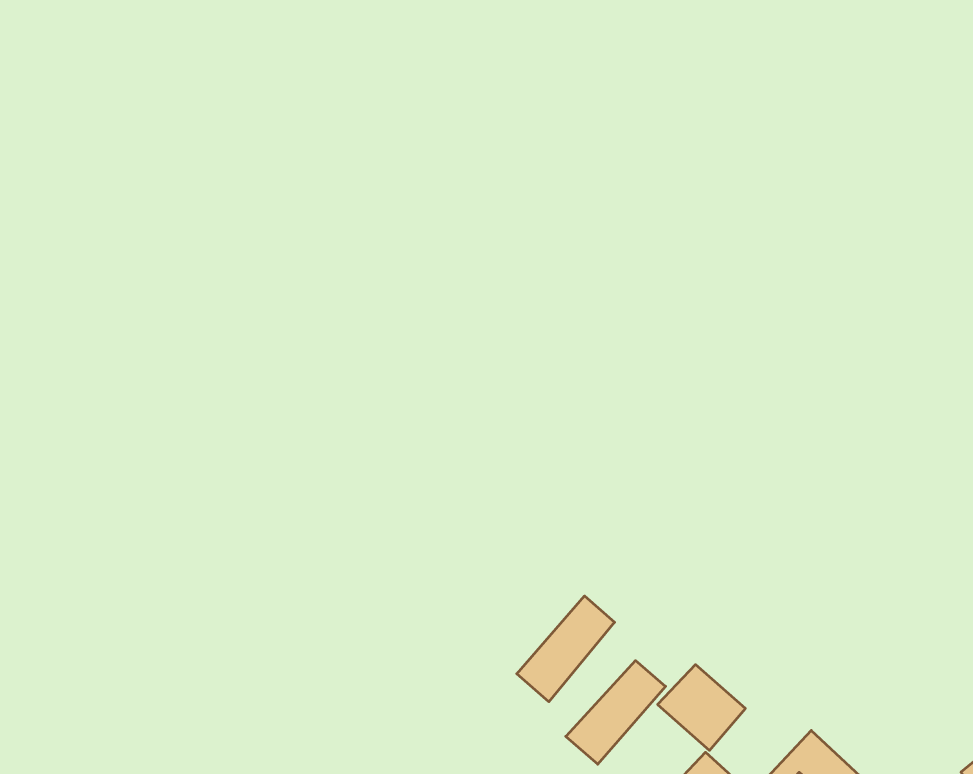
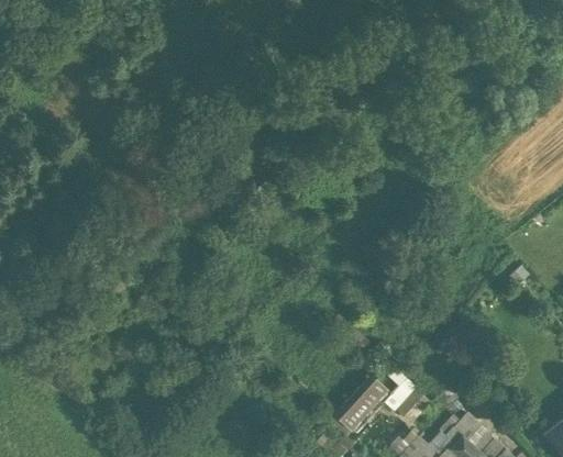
building: [517,596,615,702] -> none

